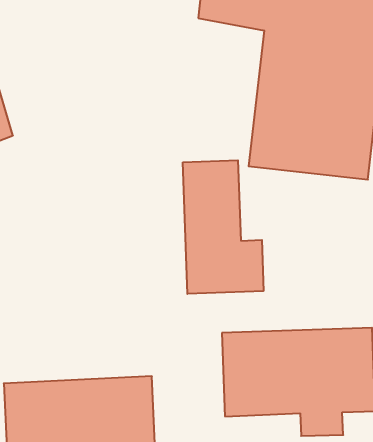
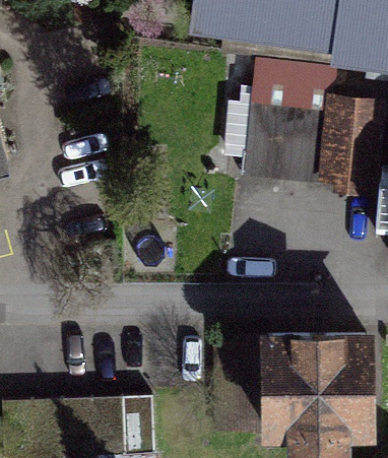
building: [183,160,263,294] -> none

